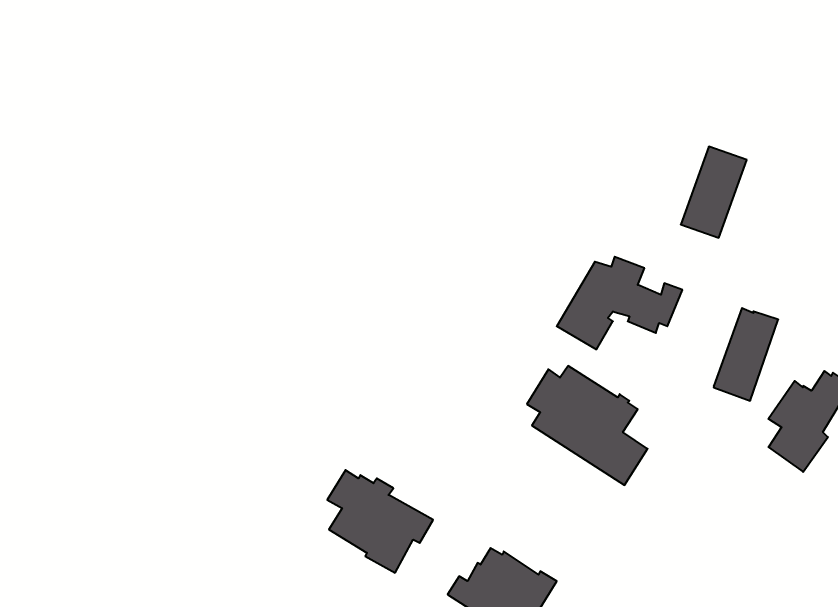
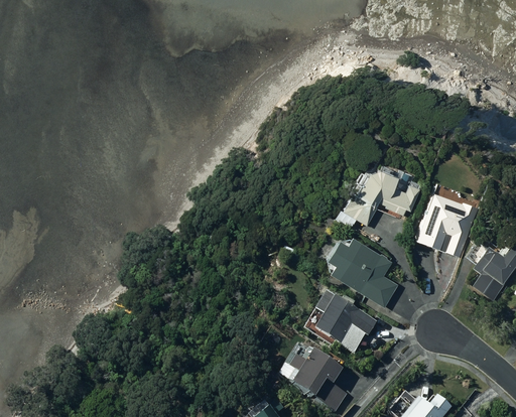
building: [681,147,747,238] -> [415,191,456,247]
building: [327,470,433,573] -> [312,291,377,354]

